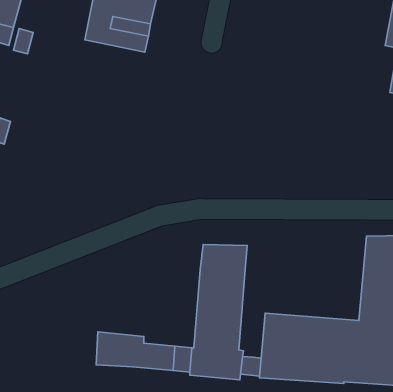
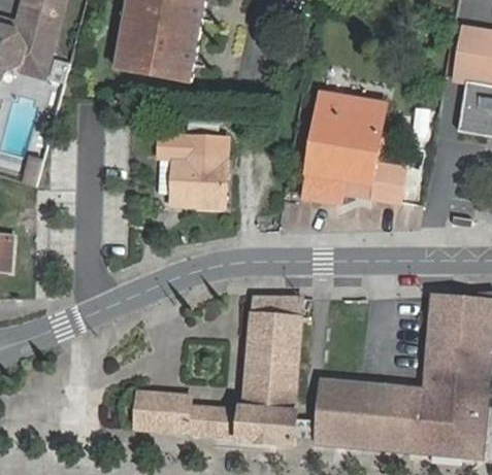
building: none -> [302,93,403,204]
building: none -> [154,138,224,209]

